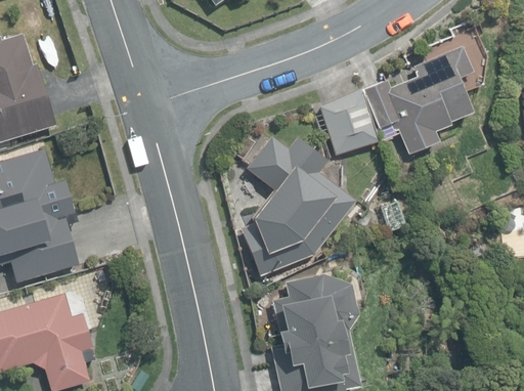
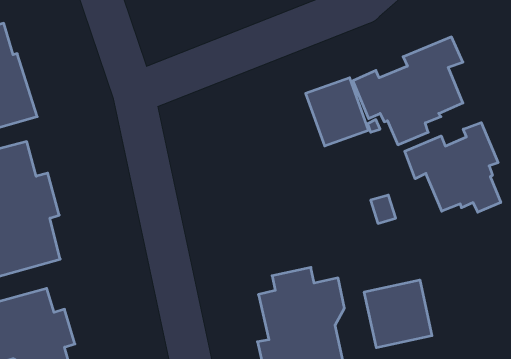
building: none -> [405,123,501,212]
building: [244,136,353,275] -> none
building: none -> [364,280,432,348]

